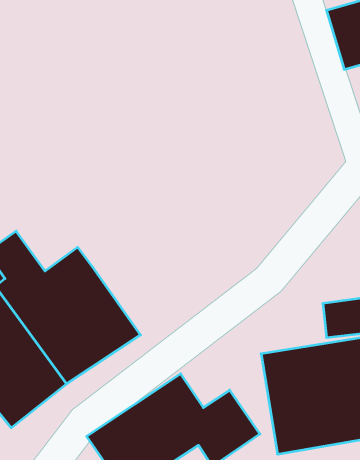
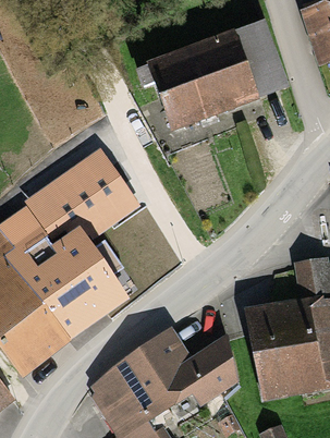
building: none -> [144,21,284,126]
building: none -> [26,145,143,239]

